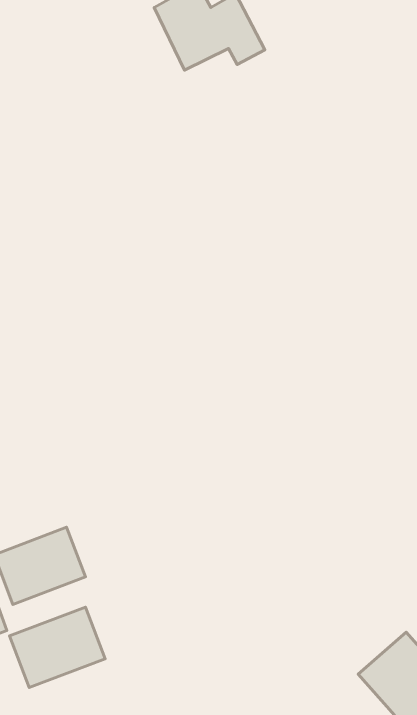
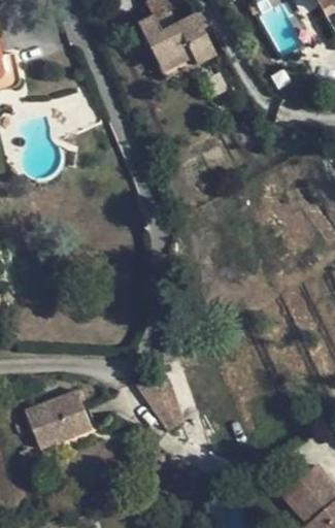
building: none -> [138,372,183,432]
building: [10,607,105,688] -> none

